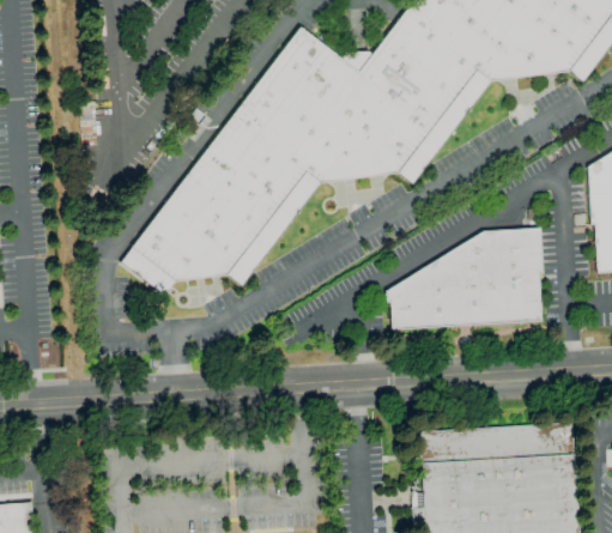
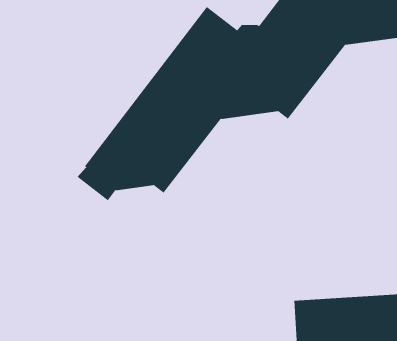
building: [386,229,543,329] -> none

